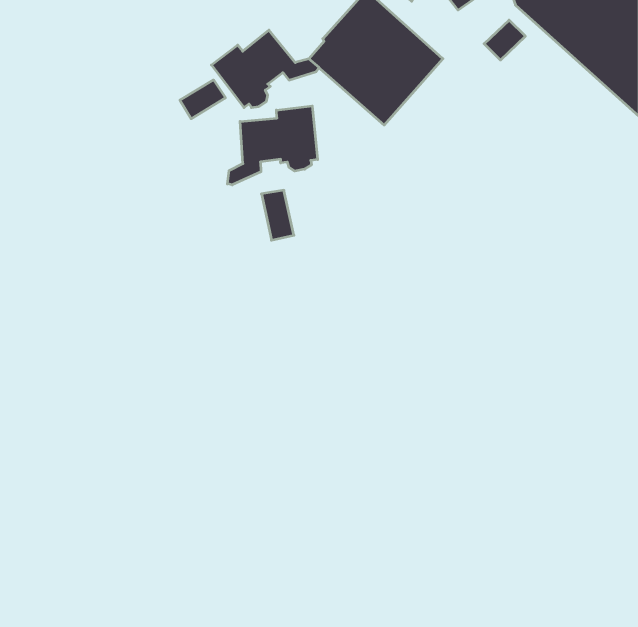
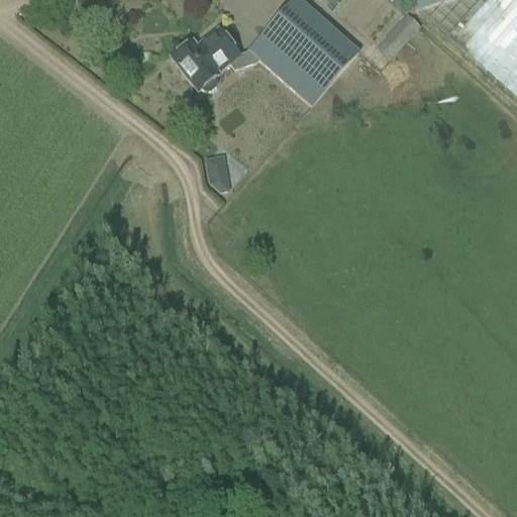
building: [180,80,225,119] -> none
building: [227,106,318,185] -> none

